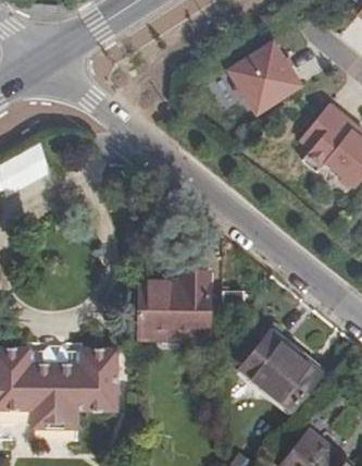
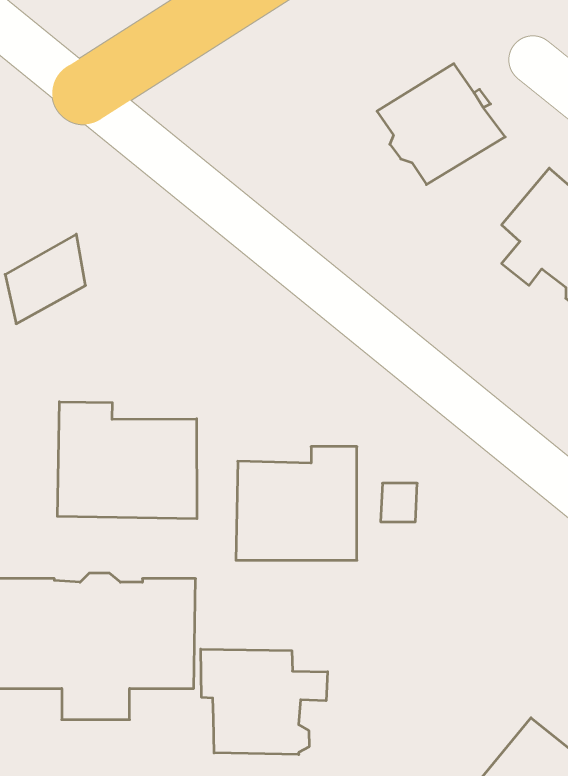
building: none -> [57,402,197,519]
building: [246,331,326,407] -> none
building: none -> [201,649,328,755]

